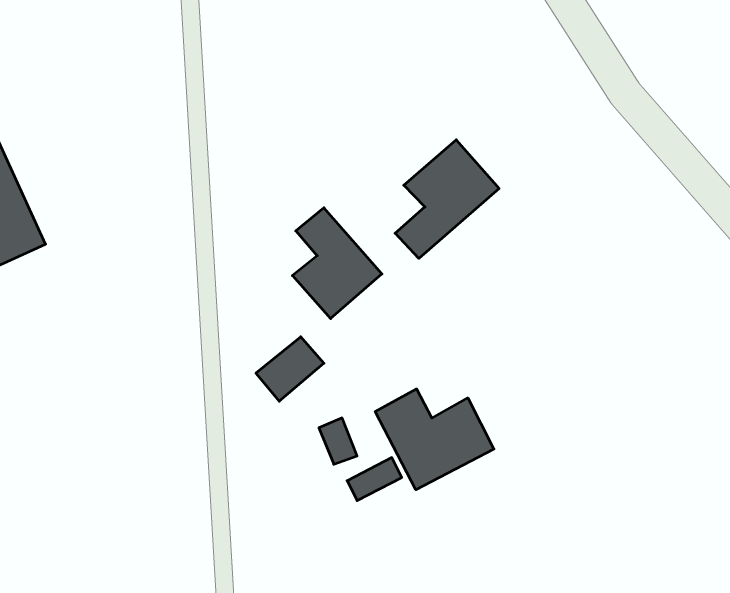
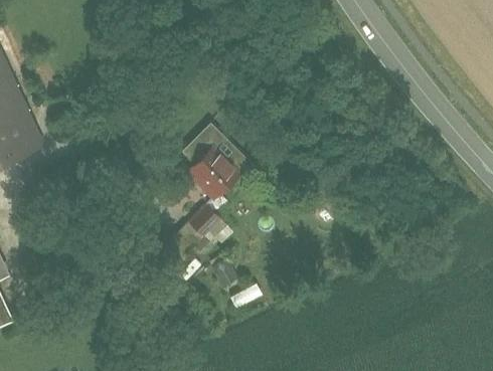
building: [395,140,499,258] -> none
building: [375,389,494,490] -> none

